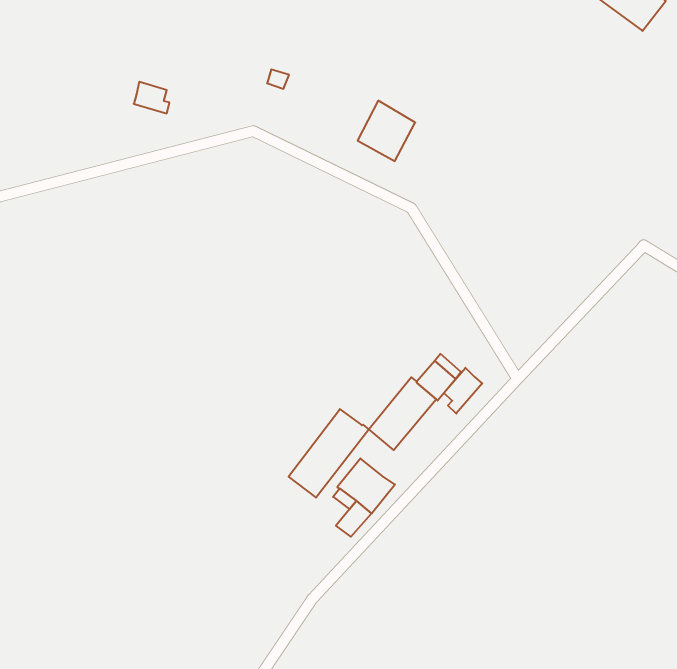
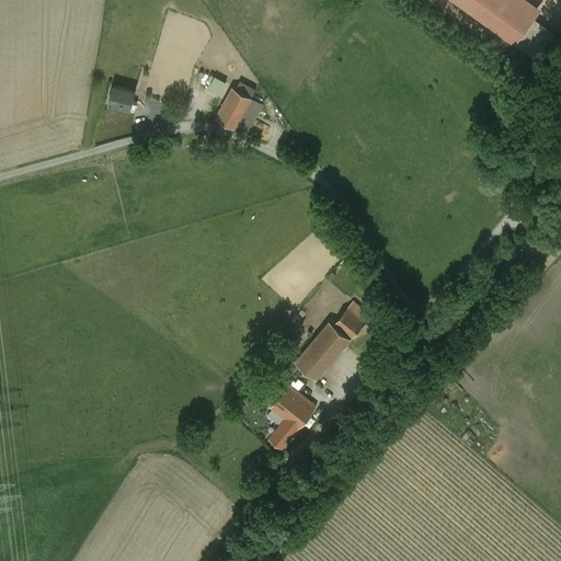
building: [358,101,415,161] -> [216,88,262,136]
building: [444,368,482,414] -> none
building: [289,409,369,498] -> none

